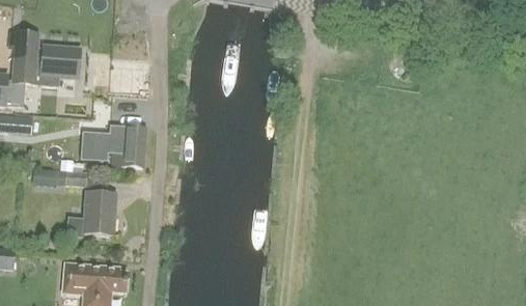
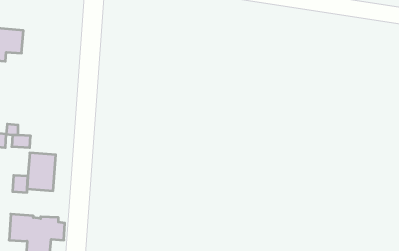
building: [80,124,145,166] -> none

